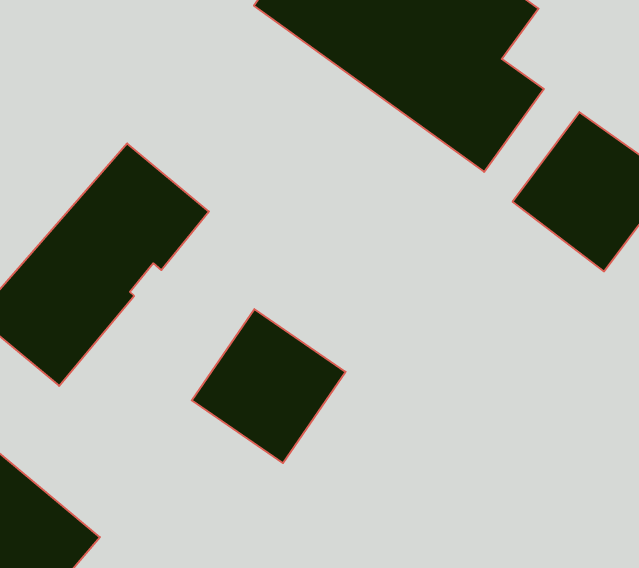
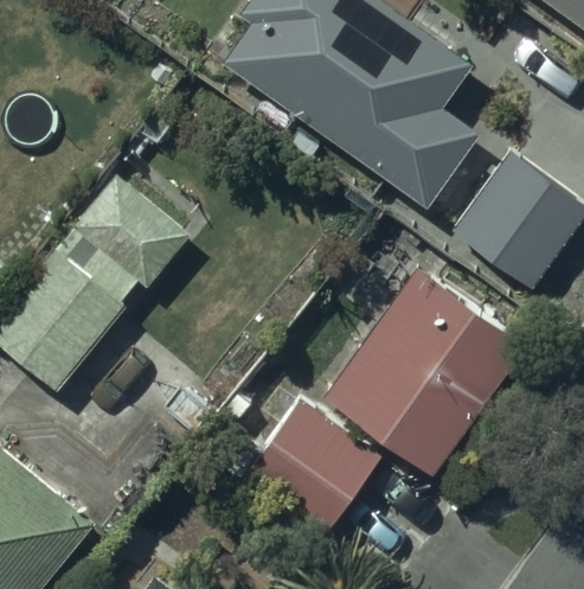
building: none -> [322,267,527,475]
building: [192,309,346,463] -> [243,405,377,539]

